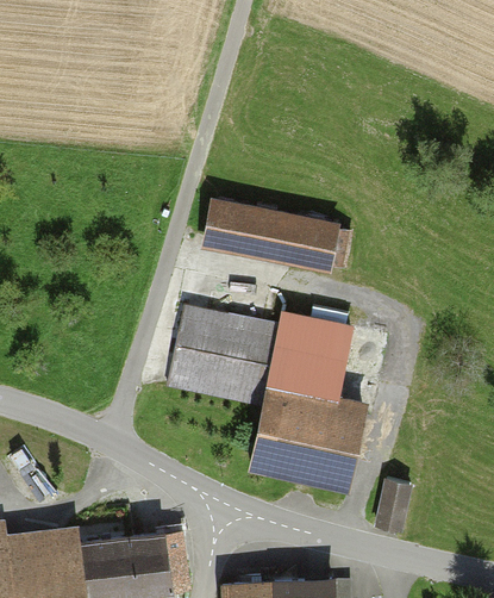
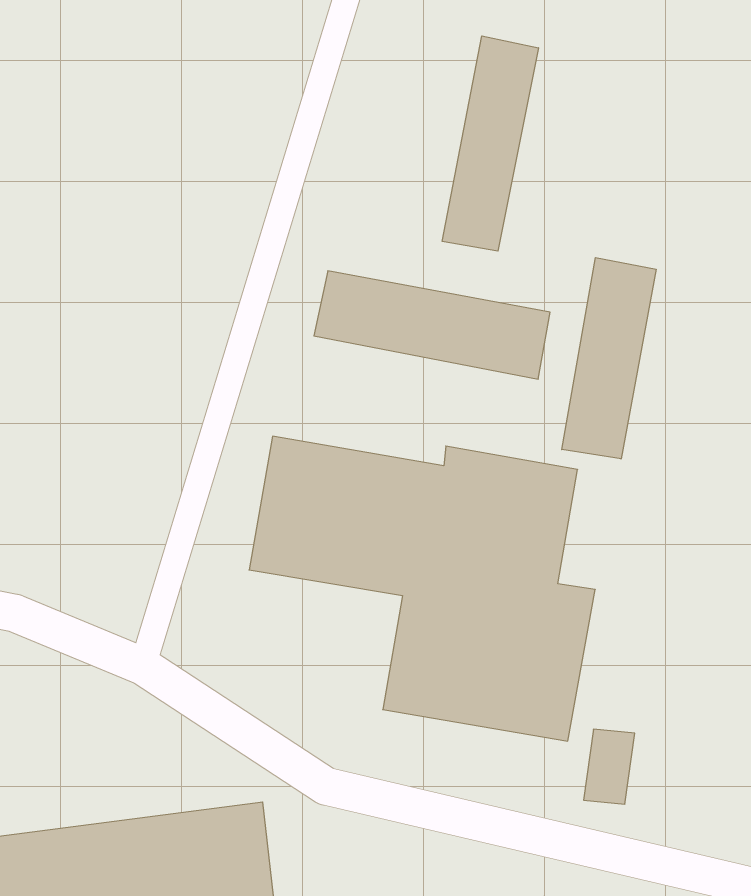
building: none -> [442,36,538,251]
building: none -> [562,258,656,459]

